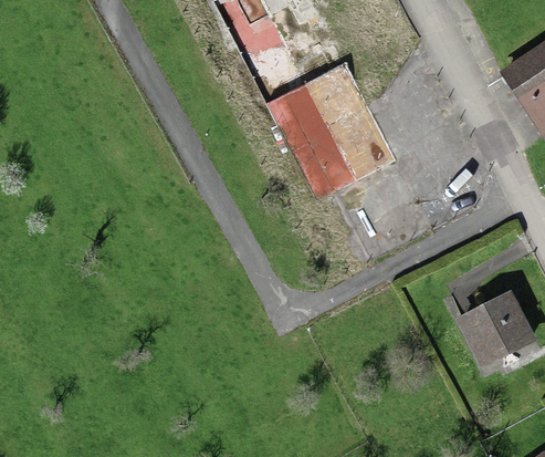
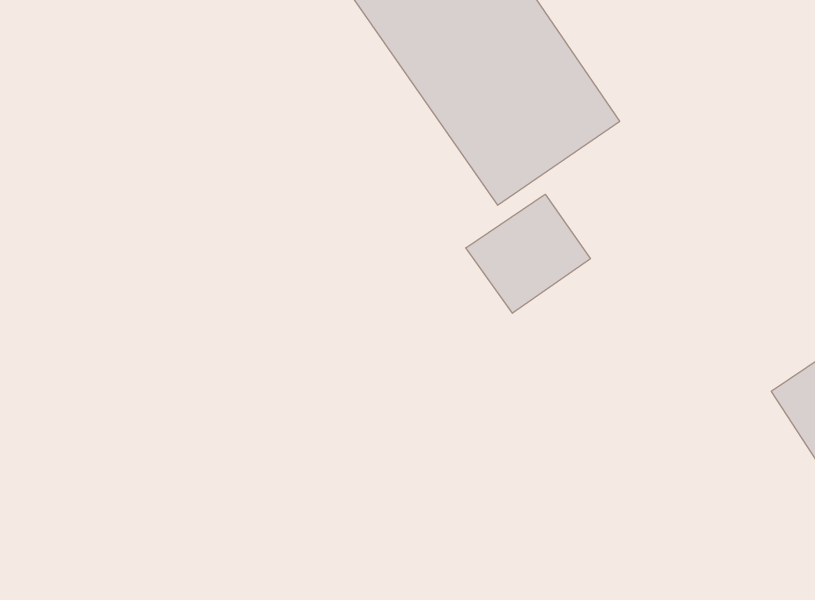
building: none -> [466,194,590,313]

